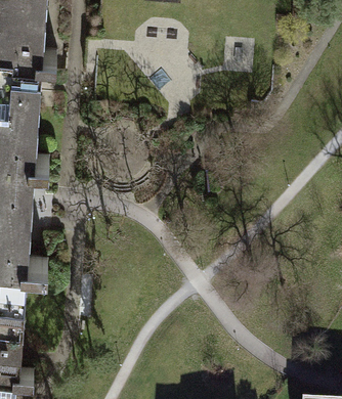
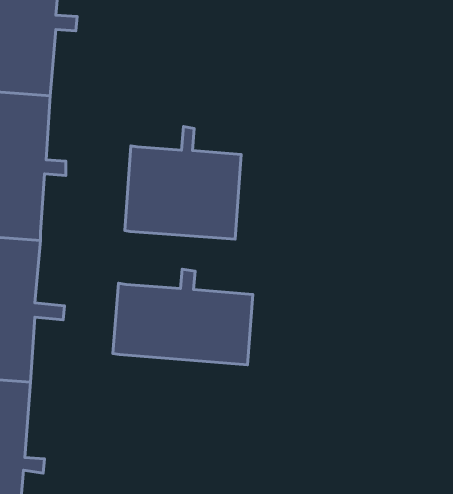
building: none -> [125,127,241,239]
building: none -> [113,269,253,365]

